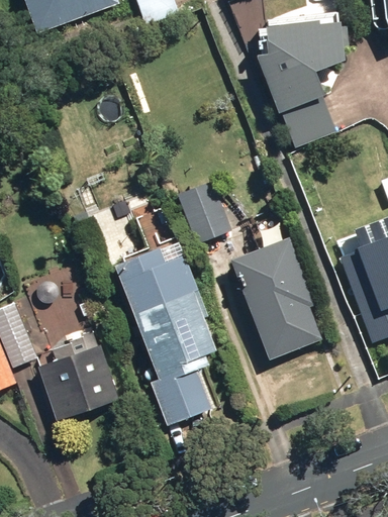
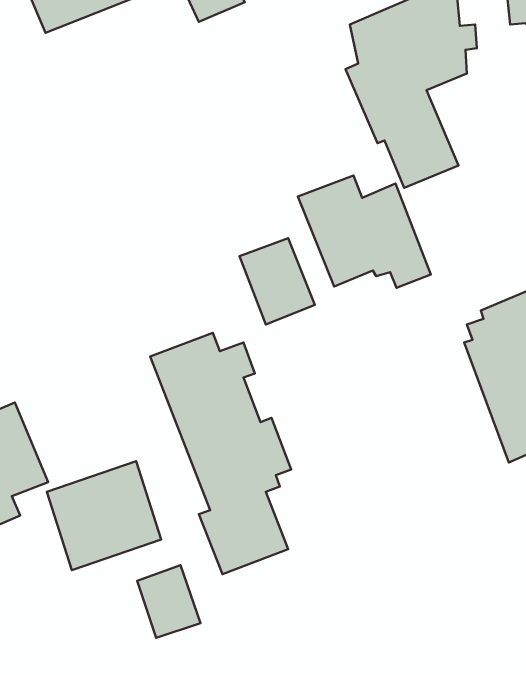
building: none -> [298,175,431,288]
building: [232,238,324,360] -> none
building: none -> [137,565,201,638]

